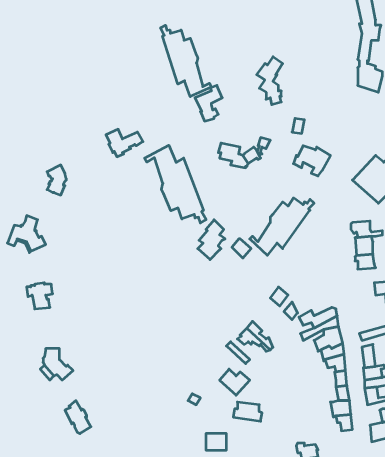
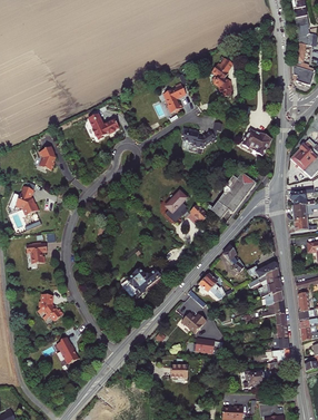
building: [161,25,211,97] -> none
building: [145,145,206,223] -> none
building: none -> [122,268,160,296]

